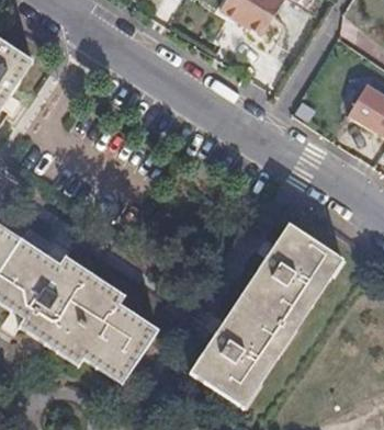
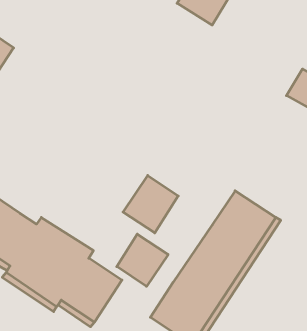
building: none -> [123,175,178,233]
building: none -> [117,234,168,286]

